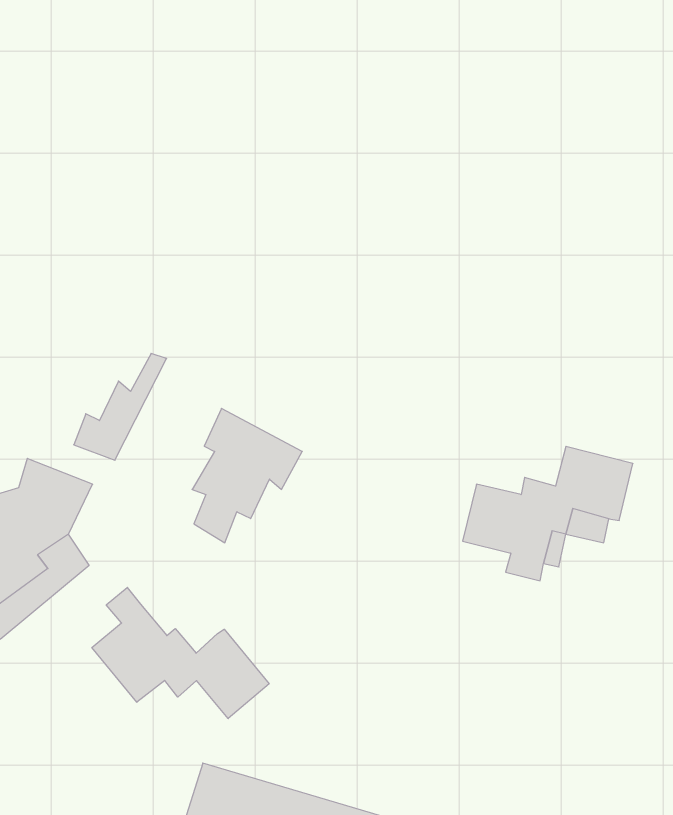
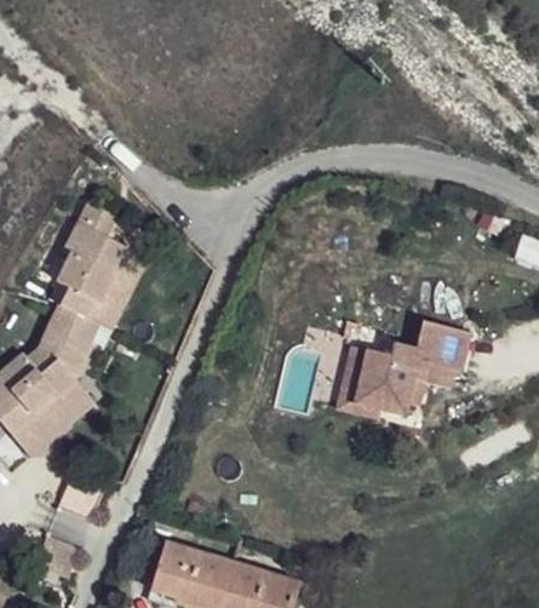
building: [192,408,302,543] -> [56,223,133,317]
building: none -> [338,343,386,415]
building: [92,587,269,719] -> none

